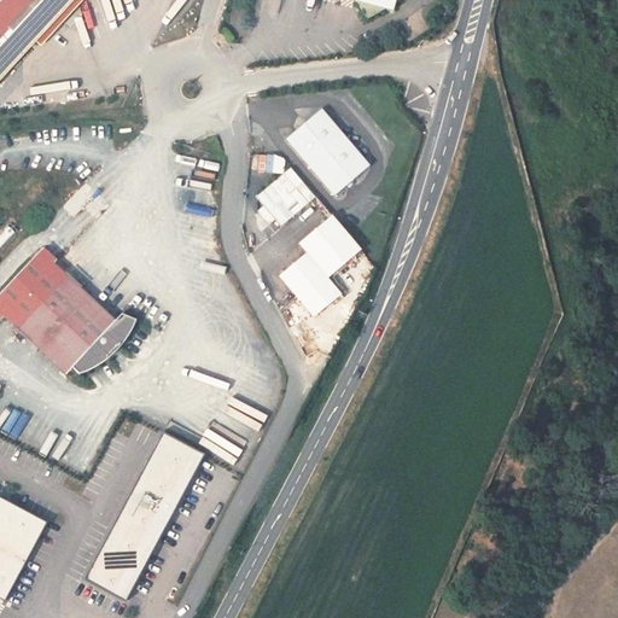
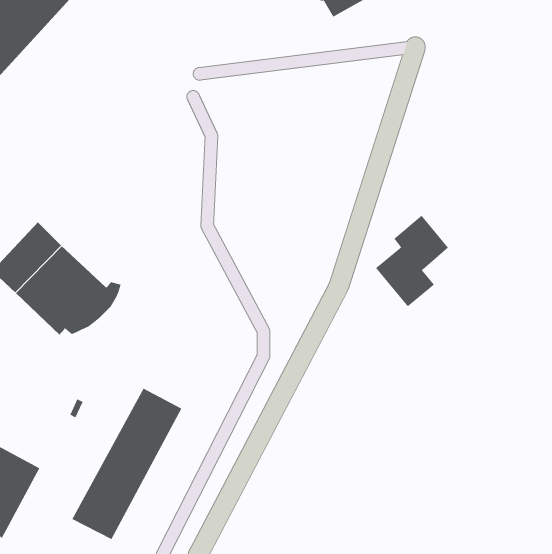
building: [288,107,372,196] -> none
building: [258,170,313,225] -> none
building: [276,215,358,317] -> [375,215,449,307]

